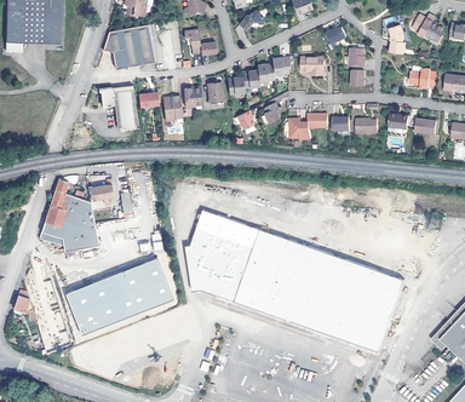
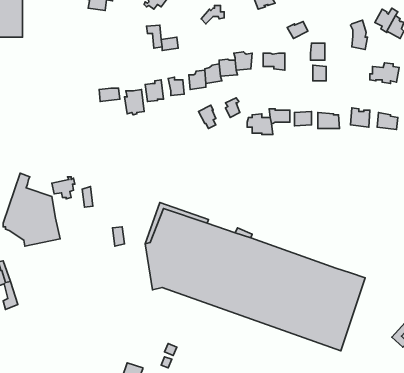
building: [102,24,154,69] -> none
building: [98,84,137,127] -> none
building: [64,260,173,335] -> none

